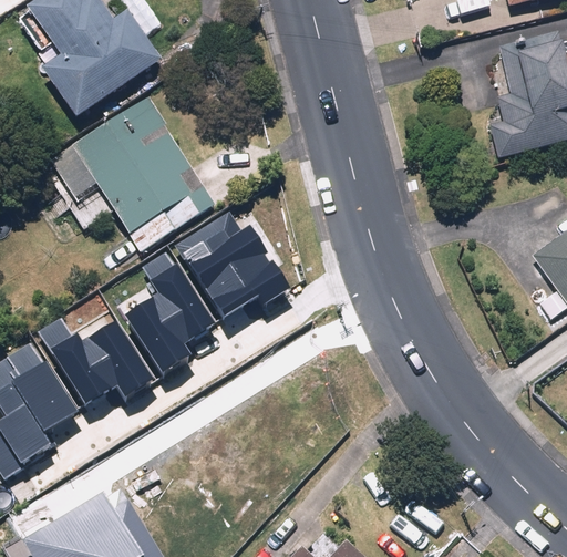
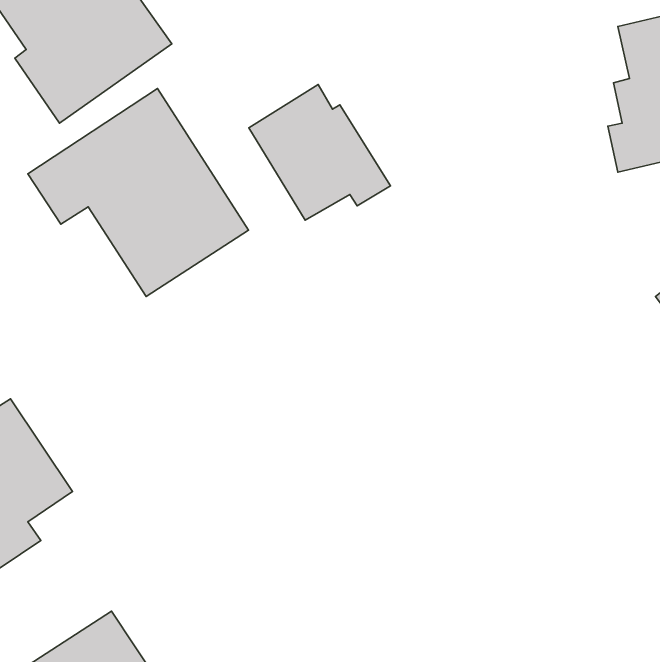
building: [182,207,290,311] -> [249,85,390,220]
building: [126,243,215,368] -> none
building: [43,311,159,399] -> none

